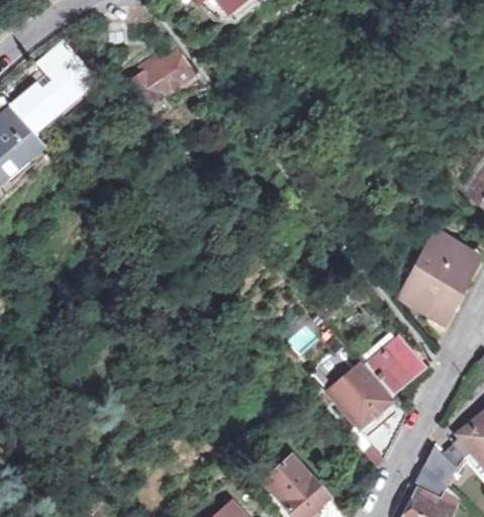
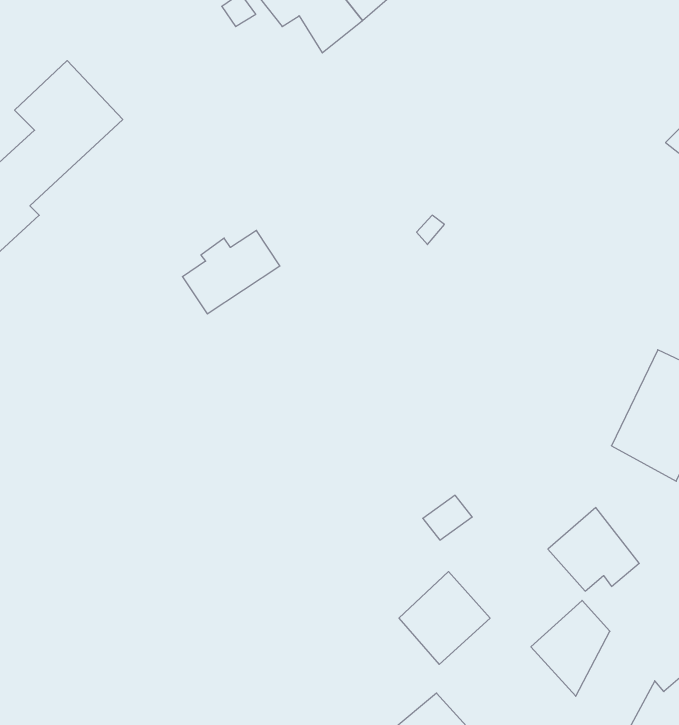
building: [128,61,192,115] -> [182,230,280,314]
building: [328,363,388,423] -> [399,572,490,664]

